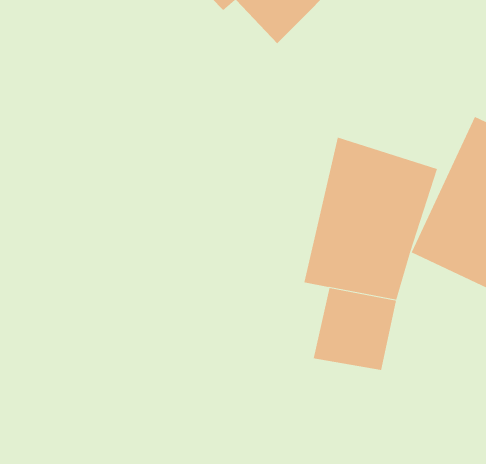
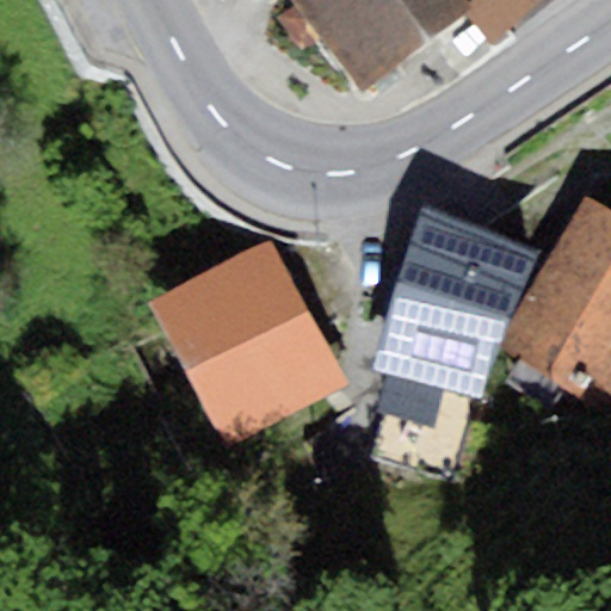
building: none -> [148,237,346,446]

